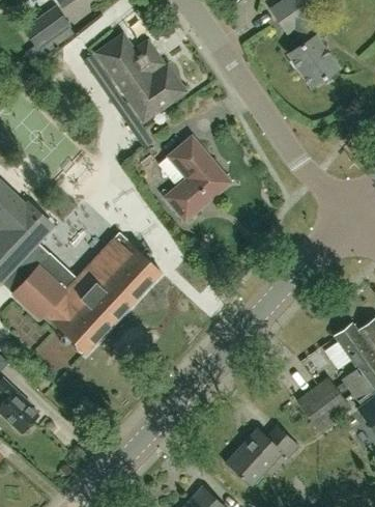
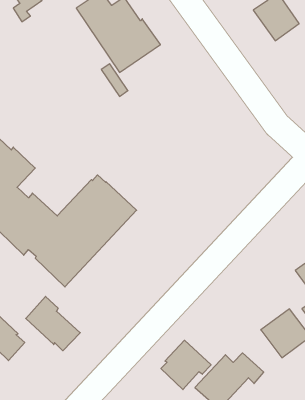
building: [165,136,228,221] -> none
building: none -> [26,296,80,351]
building: none -> [161,340,211,390]

